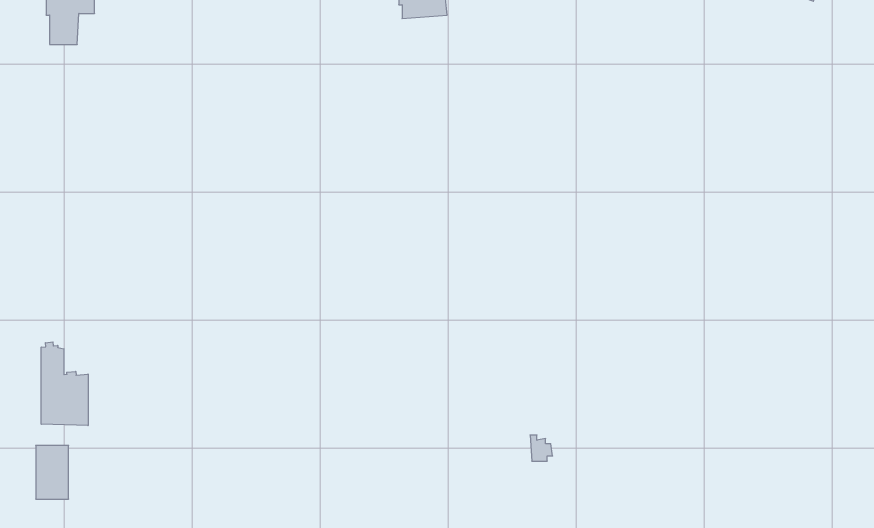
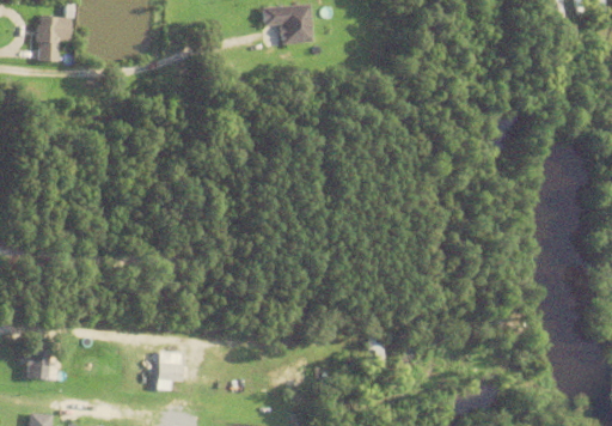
building: [41,342,88,426] -> none
building: none -> [159,351,184,389]

